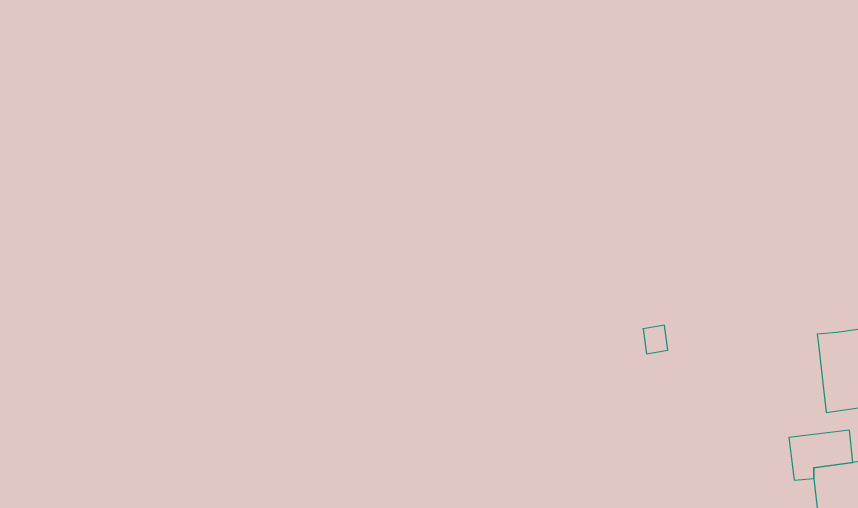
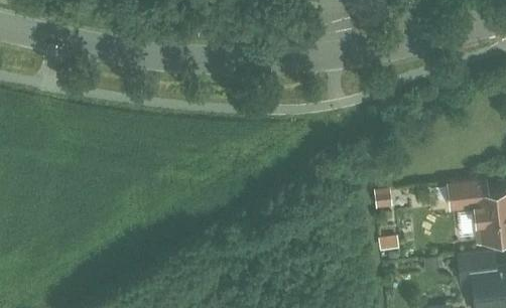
building: none -> [451,180,487,209]

